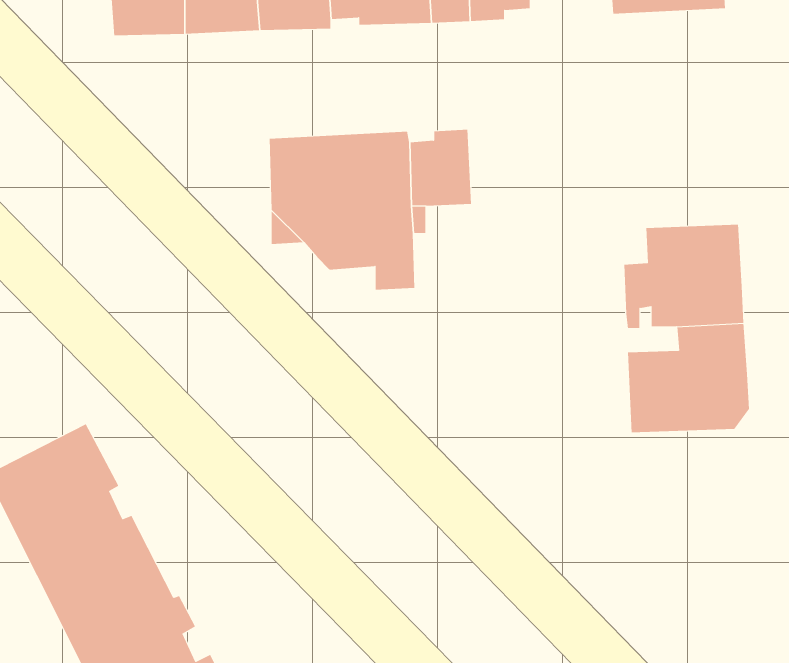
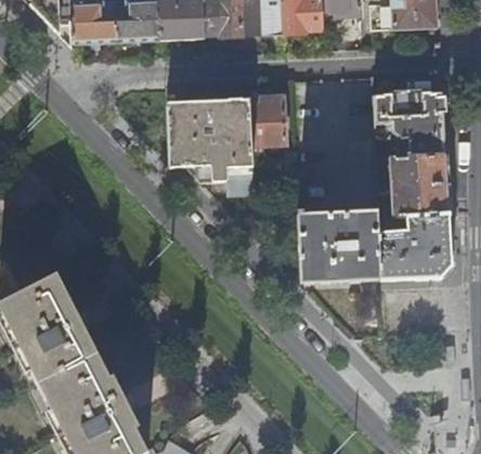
building: none -> [373,91,445,158]
building: none -> [297,208,381,282]

